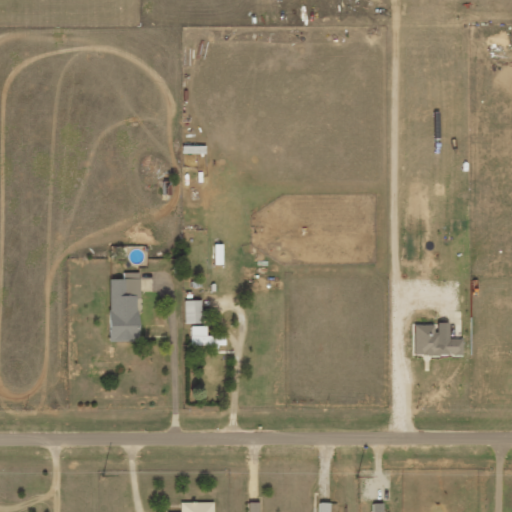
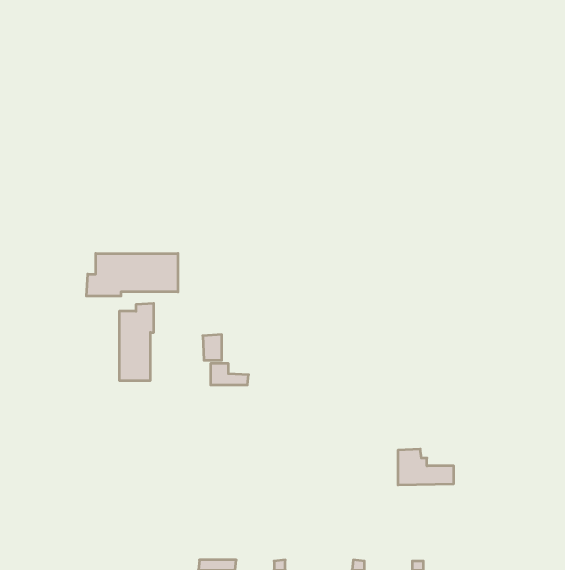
building: none -> [86,253,178,296]
building: [415,324,465,356] -> [398,449,454,485]

